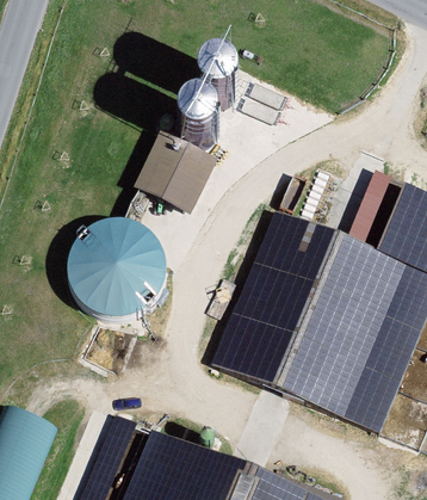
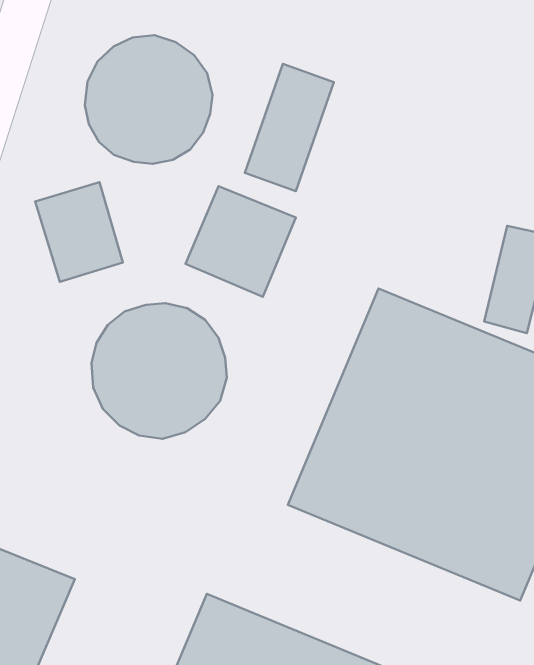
building: none -> [85,35,213,164]
building: none -> [35,182,123,282]

